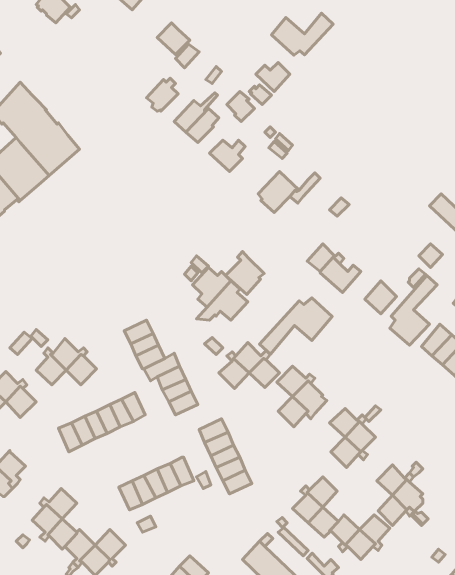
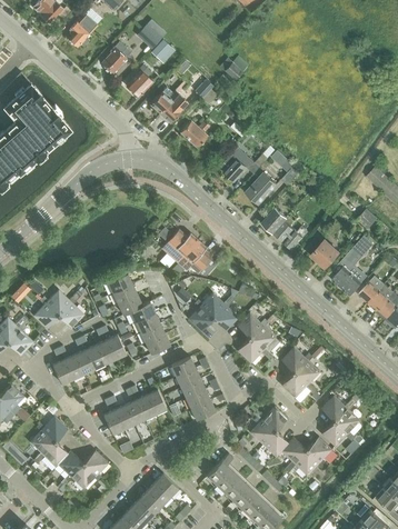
building: none -> [70,9,102,47]
building: [272,13,333,55] -> none
building: none -> [102,41,131,72]
building: none -> [246,173,277,204]
building: [226,251,264,295] -> none
building: [259,298,332,354] -> none

